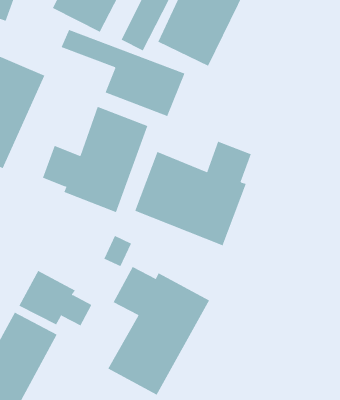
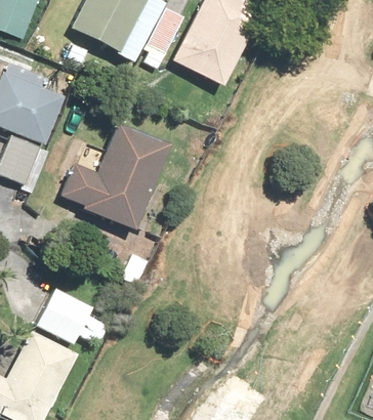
building: [61,29,185,117] -> none
building: [135,141,251,246] -> none
building: [108,266,210,396] -> none

